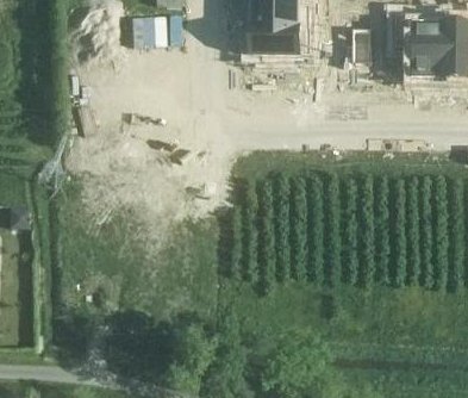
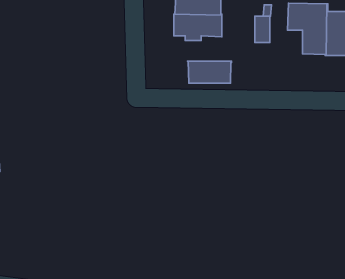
building: none -> [187,61,232,83]

